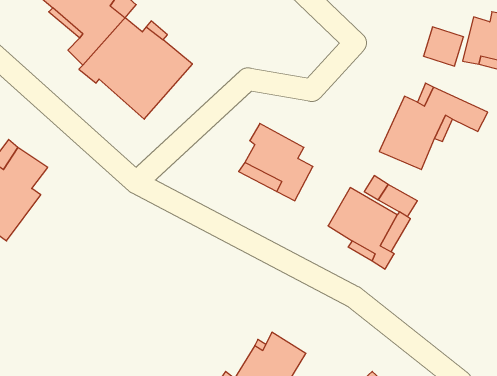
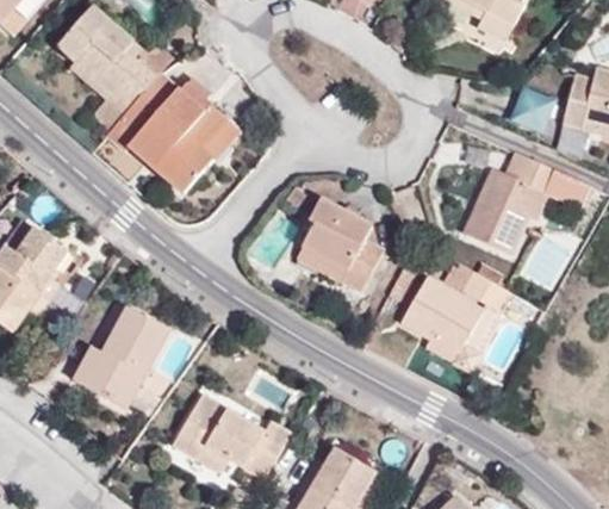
building: none -> [73,306,169,409]
building: none -> [172,393,291,479]

